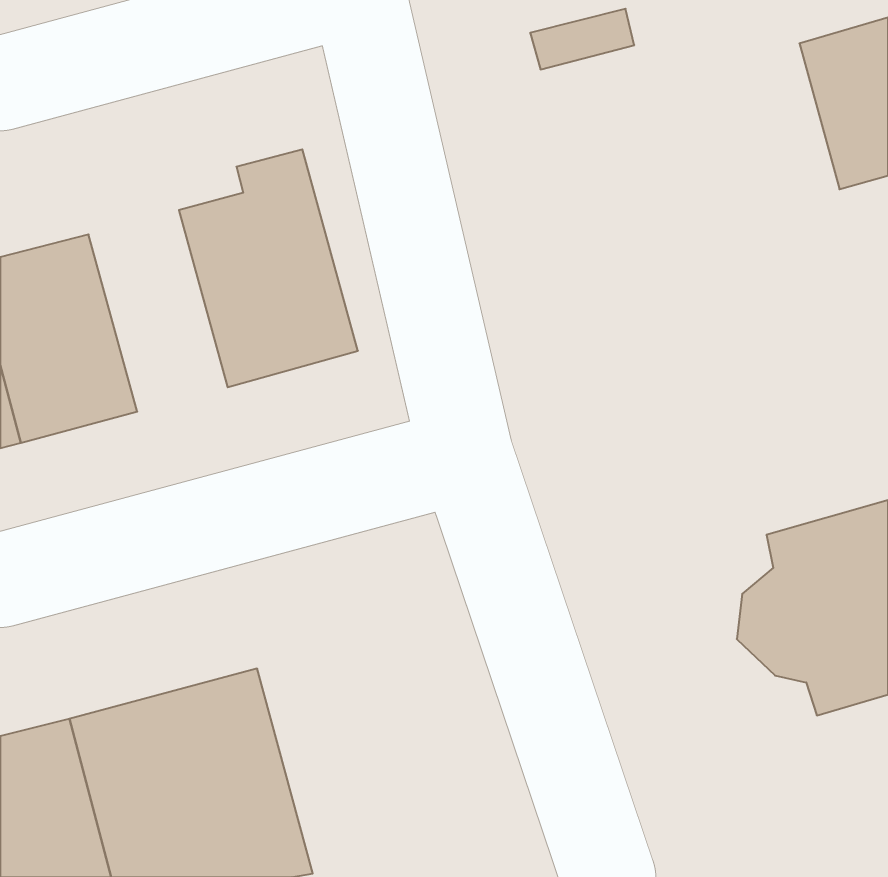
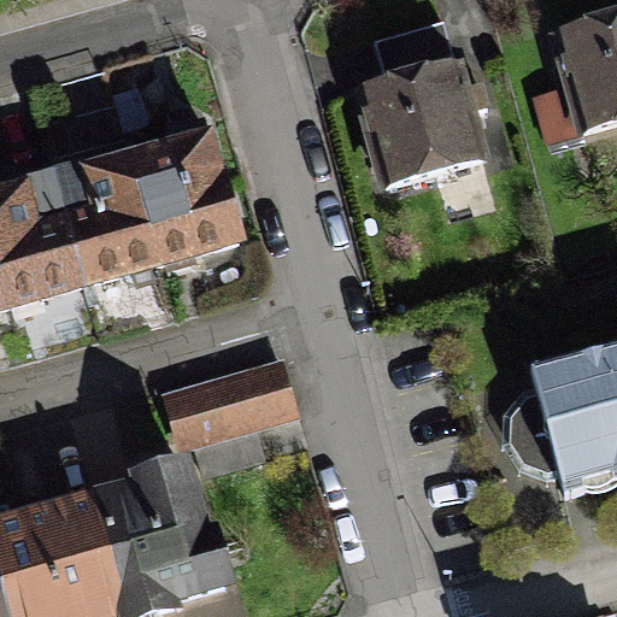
building: none -> [345,55,486,199]
building: none -> [61,146,158,286]
building: none -> [161,358,292,470]

